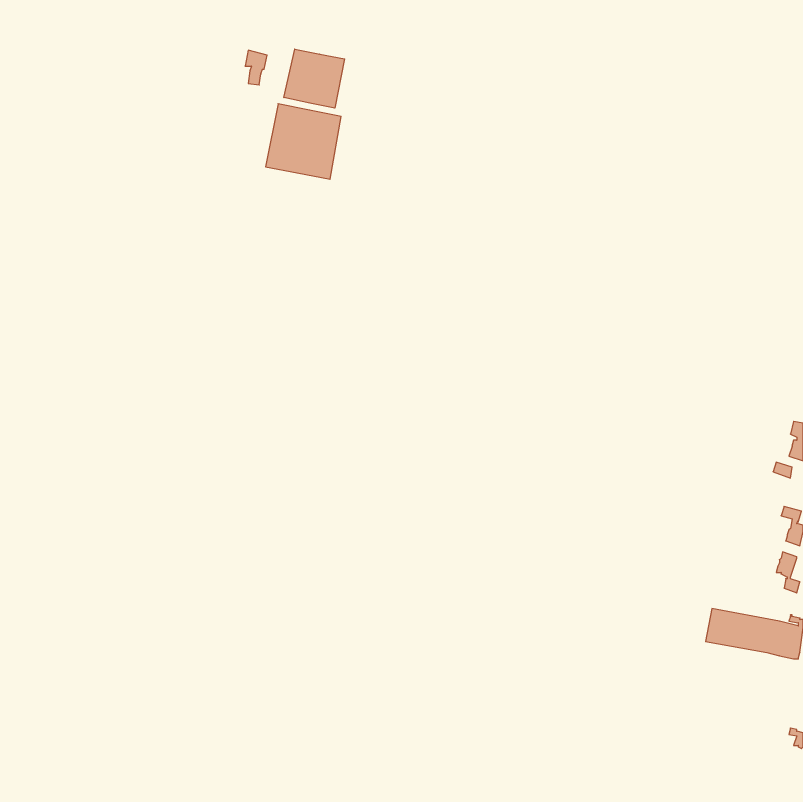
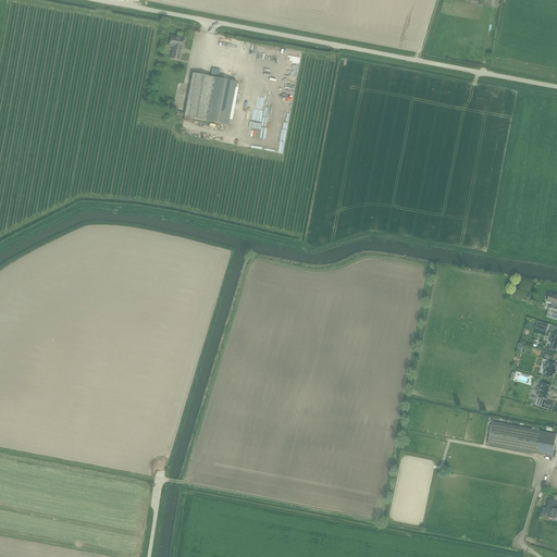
building: [284,49,345,108] -> none

